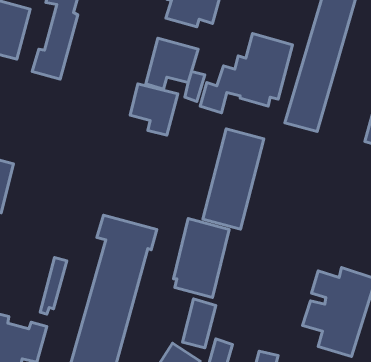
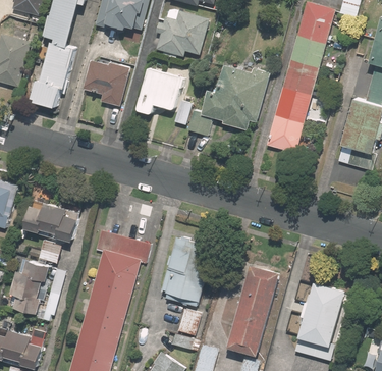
building: [130,84,178,135] -> [84,60,127,107]
building: [203,129,264,229] -> [225,263,281,355]
building: none -> [26,202,79,238]
building: none -> [13,242,59,313]

